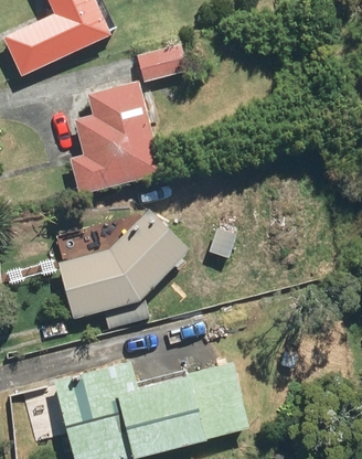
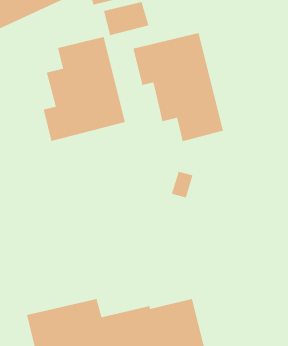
building: none -> [132,32,224,142]
building: [57,210,191,329] -> none

